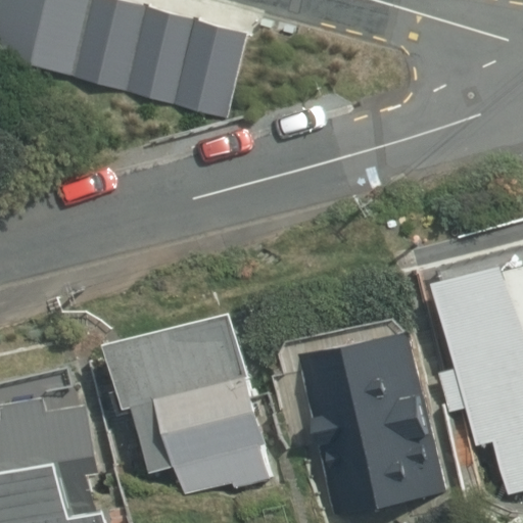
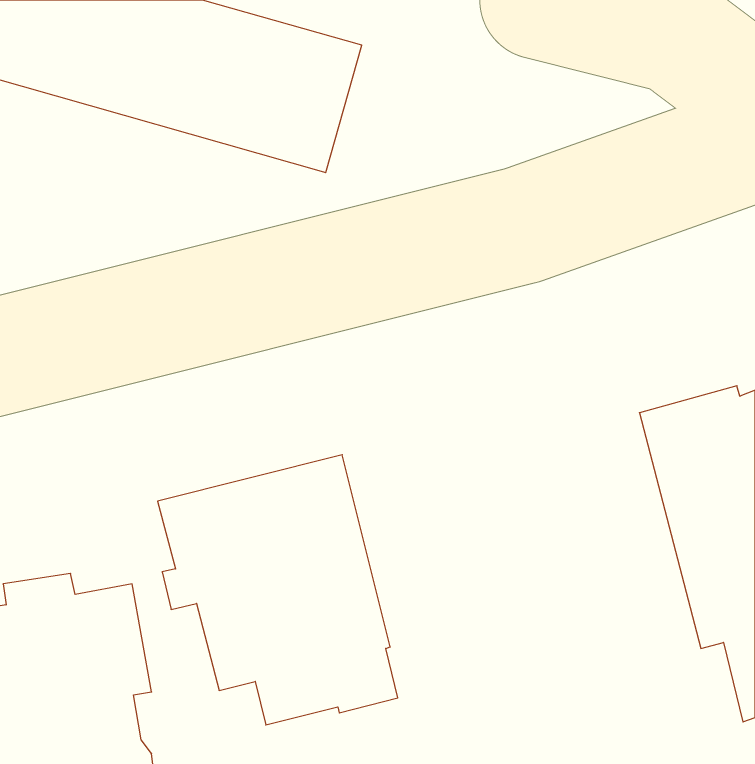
building: [298,333,437,515] -> none

